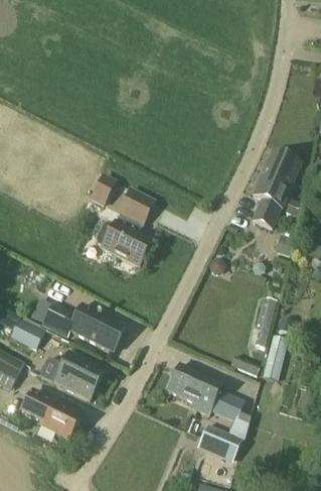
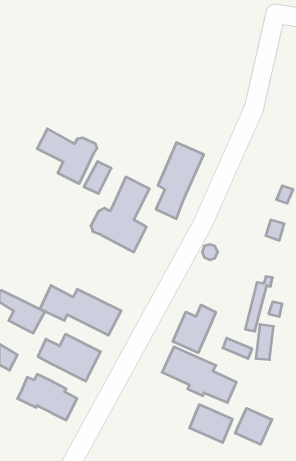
building: none -> [37,129,97,184]
building: [252,150,301,229] -> [156,143,204,219]
building: none -> [173,305,216,353]
building: none -> [235,408,272,444]

